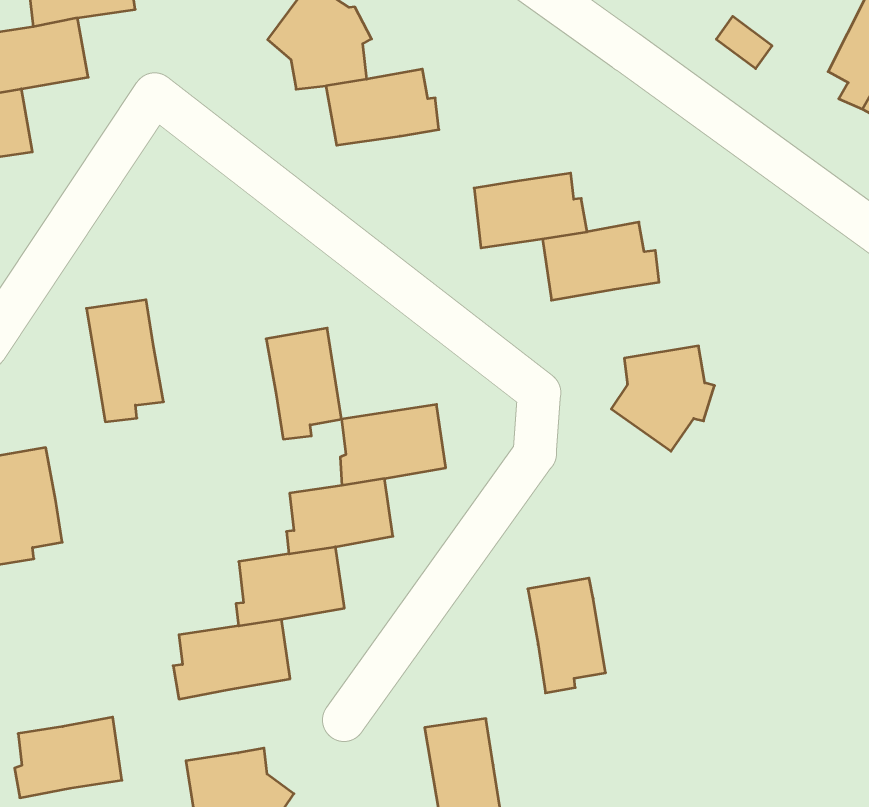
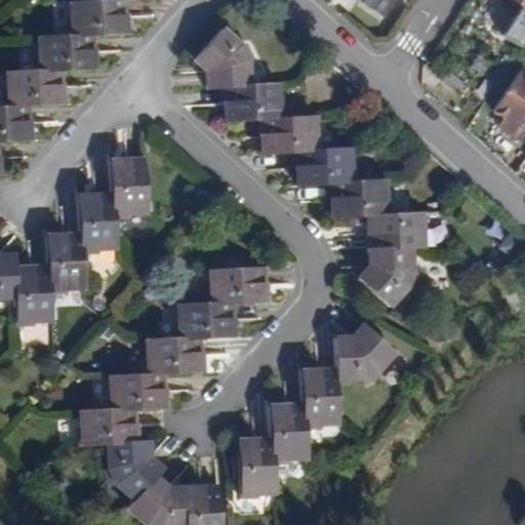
building: none -> [261,116,321,152]
building: none -> [368,212,426,252]
building: [266,328,342,439] -> [112,158,148,215]
building: none -> [49,232,86,293]
building: none -> [335,325,394,385]
building: none -> [270,402,307,465]
building: [15,717,122,798] -> [78,407,135,445]

